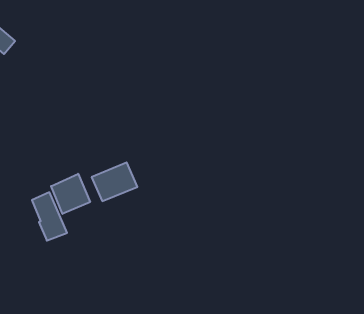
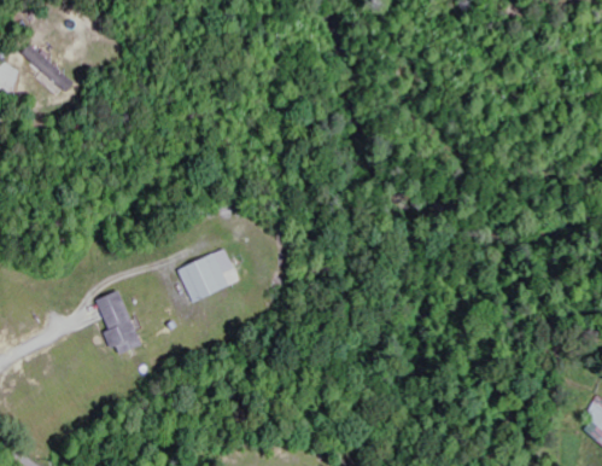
building: [51,174,90,214] -> none

